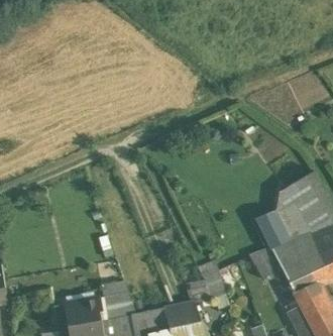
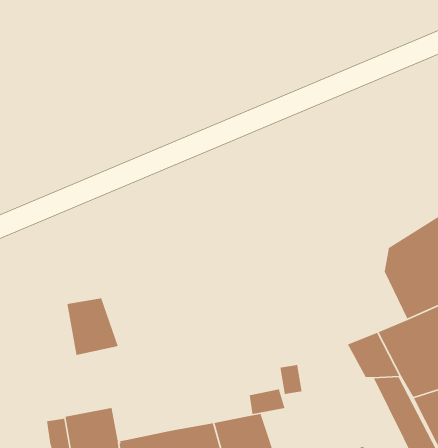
building: [256,209,291,248] -> none
building: [101,281,135,319] -> [67,297,119,356]

